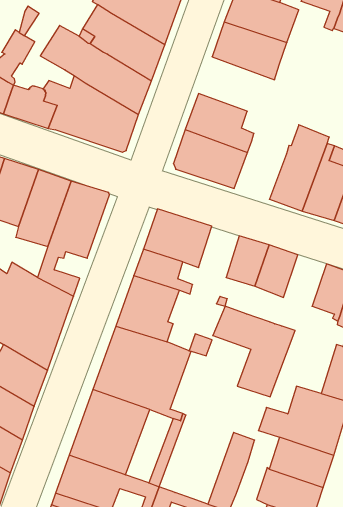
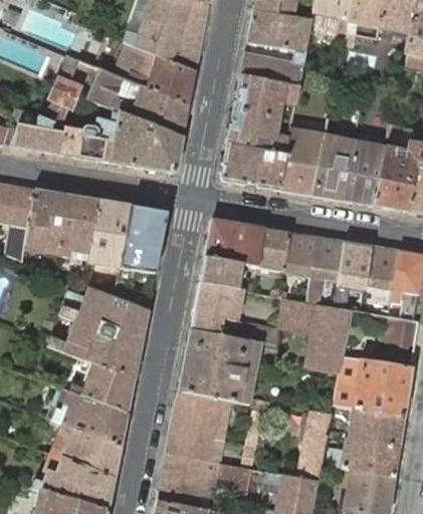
building: none -> [233,74,299,118]
building: none -> [278,109,331,195]
building: none -> [257,227,289,271]
building: none -> [338,241,372,289]

